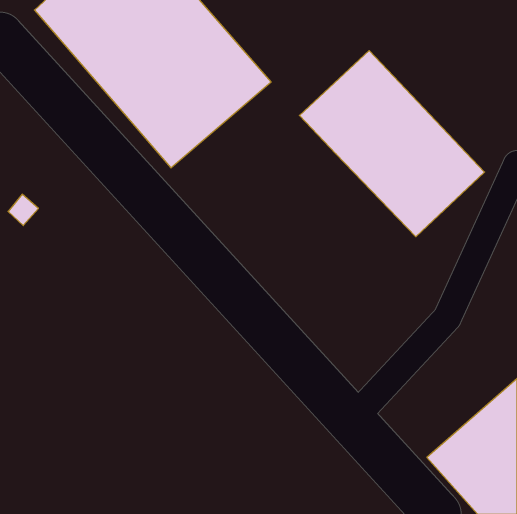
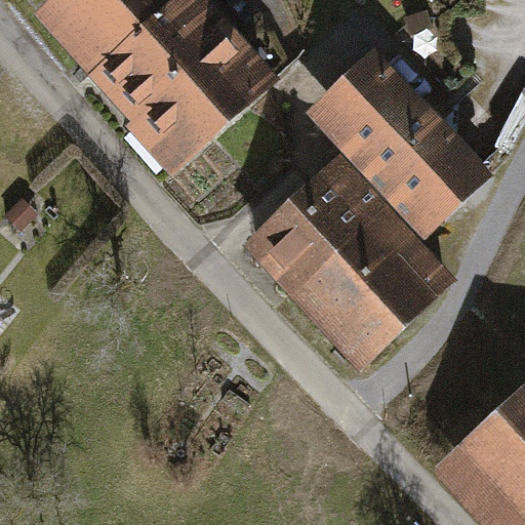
building: none -> [249,156,455,362]

